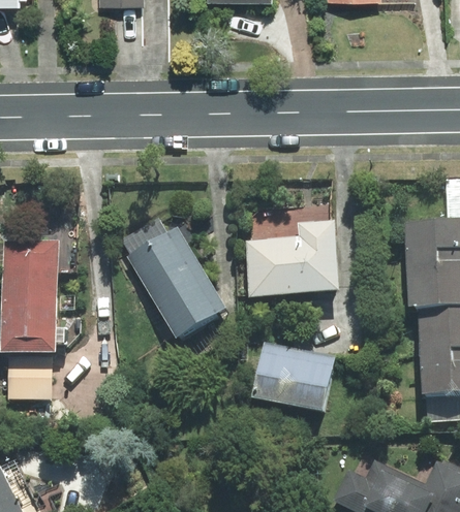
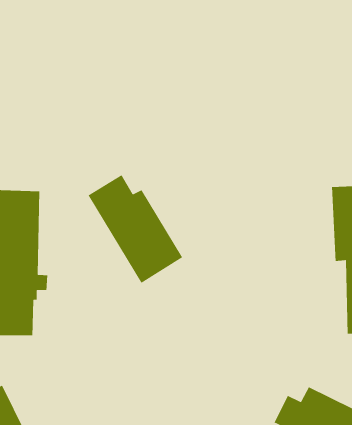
building: [244,206,337,299] -> none
building: [253,341,336,415] -> none

